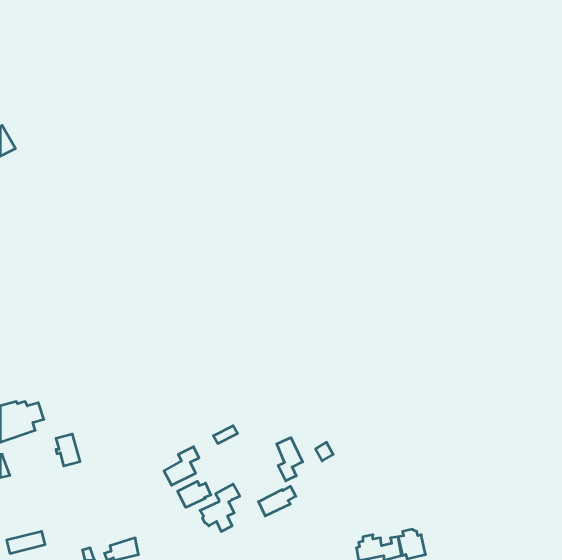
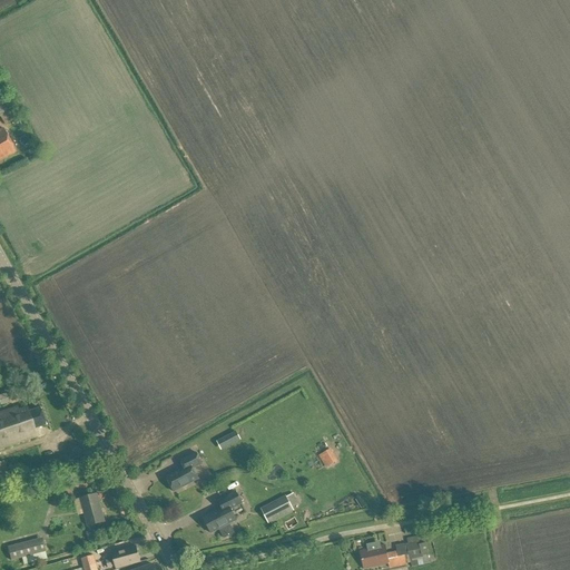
building: [56,434,80,466] -> [80,493,105,525]
building: [277,438,303,481] -> none
building: [178,481,211,507] -> none

